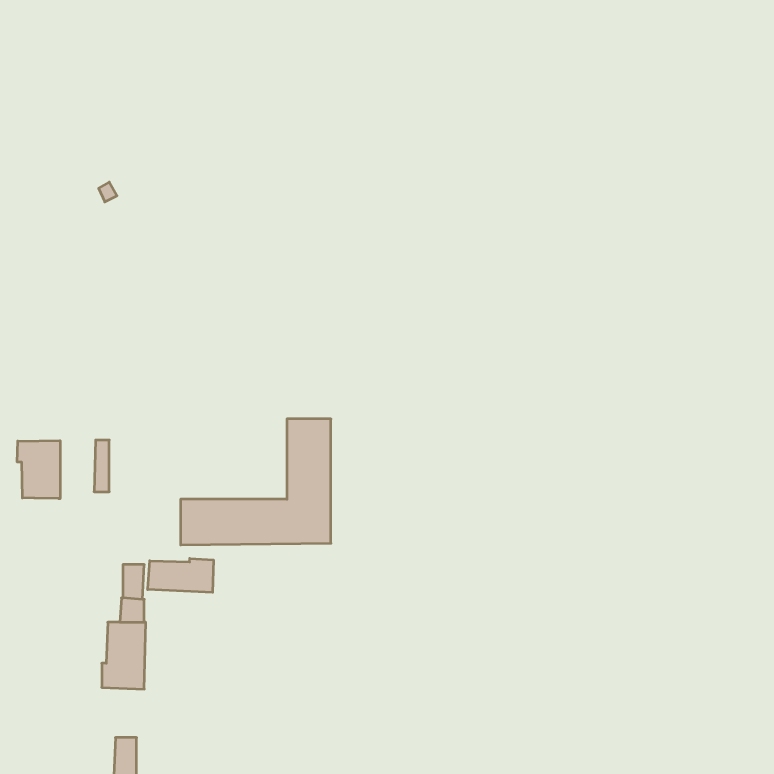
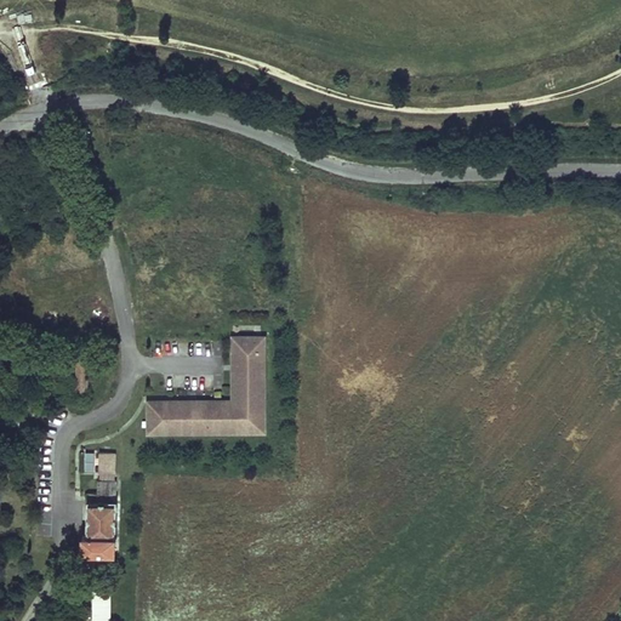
building: [17,441,60,499] -> none
building: [148,558,213,592] -> none

